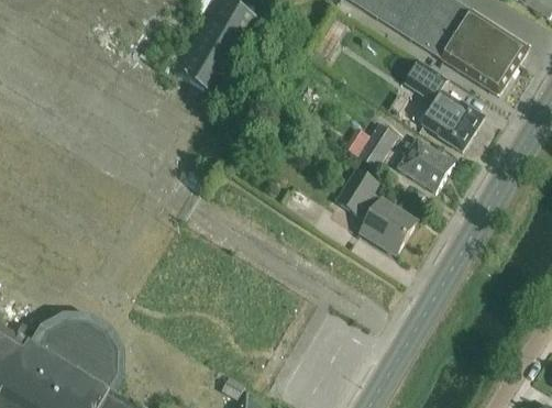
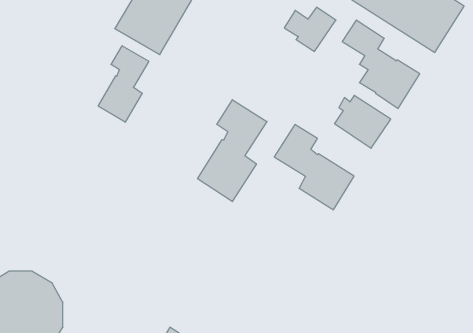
building: none -> [98,46,149,122]
building: [345,122,398,167] -> [284,7,336,51]
building: none -> [198,100,267,202]

